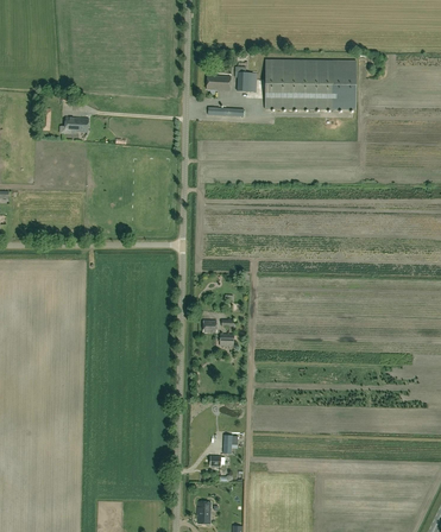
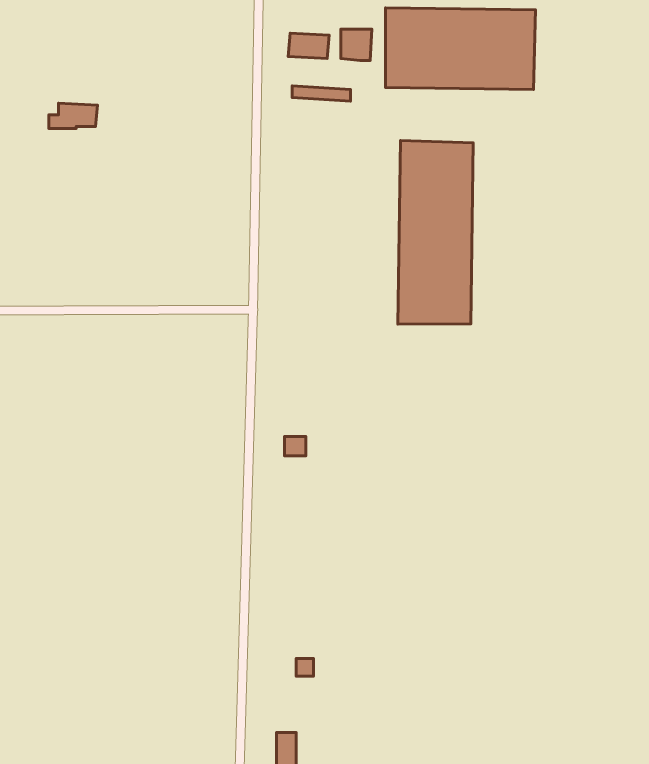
building: none -> [398,141,473,324]

